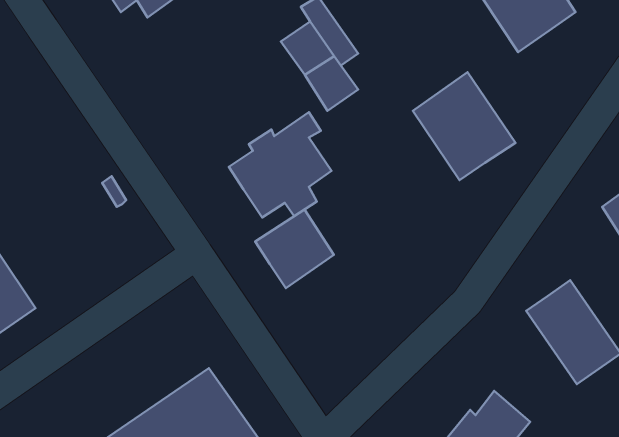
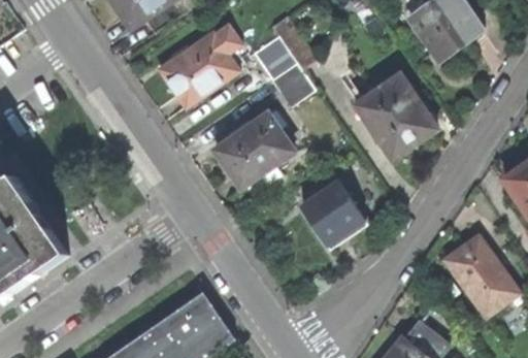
building: none -> [159,23,240,105]
building: [255,209,334,288] -> [302,182,363,242]

